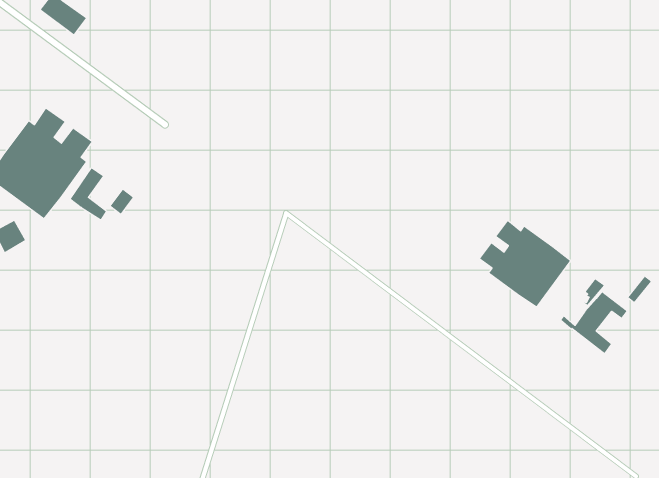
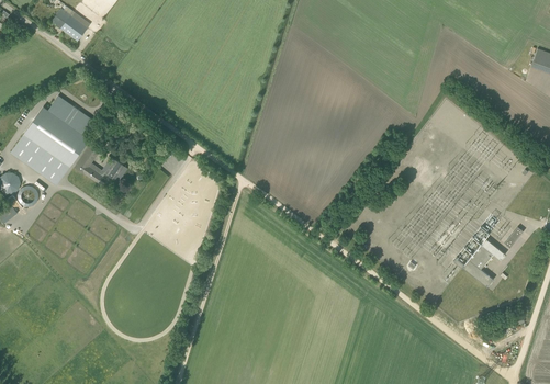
building: [479,220,571,307] -> none

